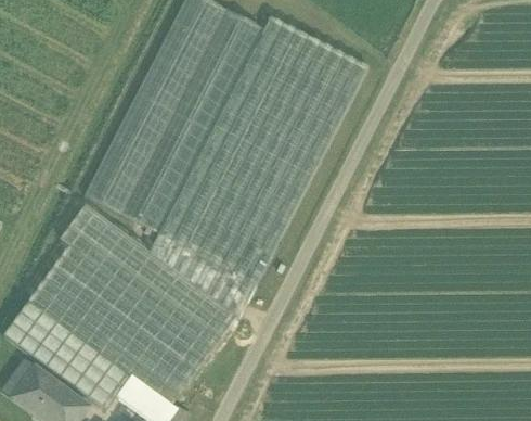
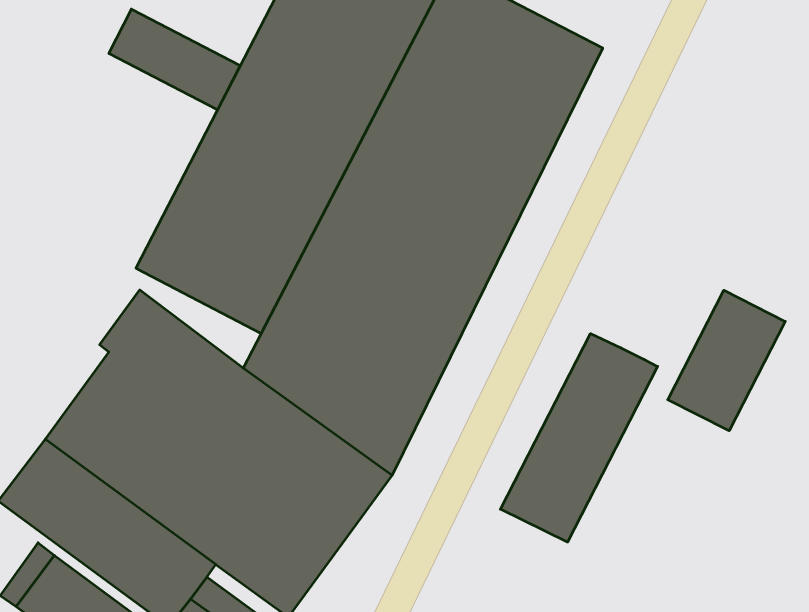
building: none -> [109,9,240,110]
building: none -> [668,290,785,431]
building: none -> [500,334,658,542]

